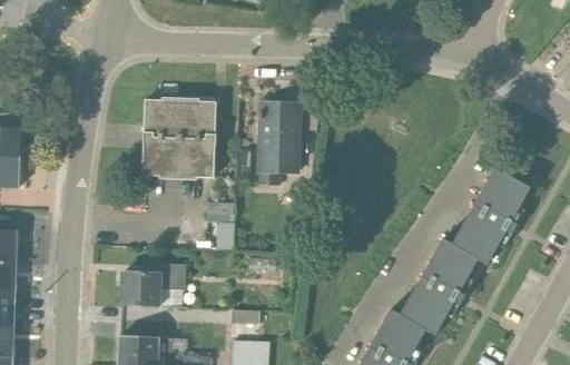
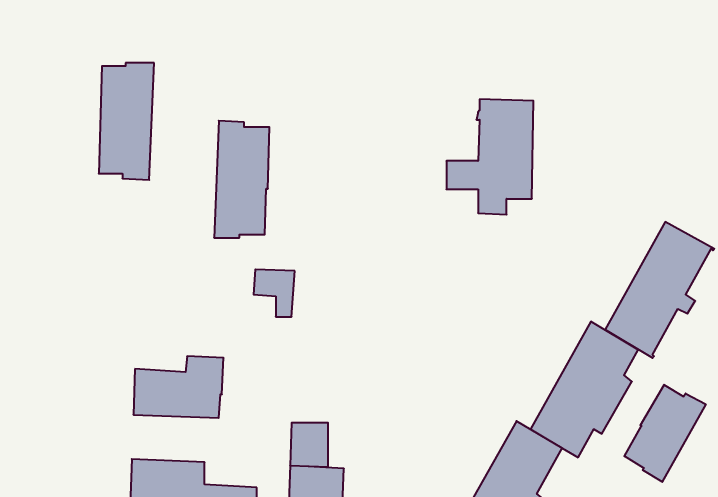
building: [142,97,181,179] -> [99,63,154,180]
building: [237,103,298,185] -> [446,99,533,215]
building: none -> [624,385,706,482]

